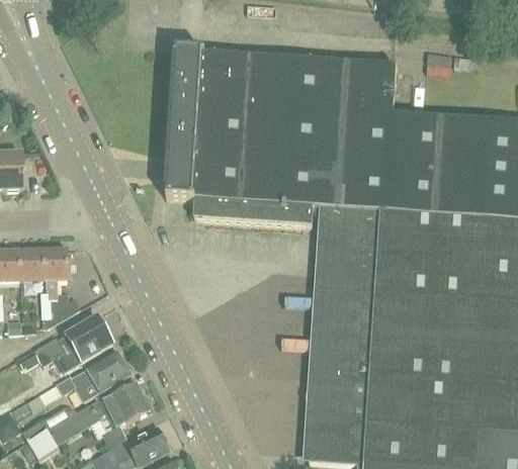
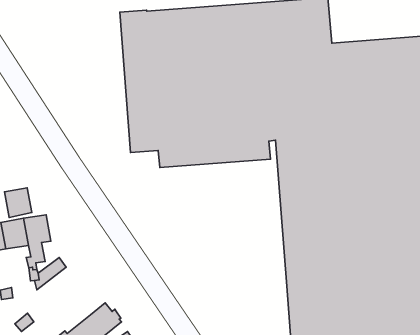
building: none -> [4,188,32,217]
building: [56,314,113,370] -> none

